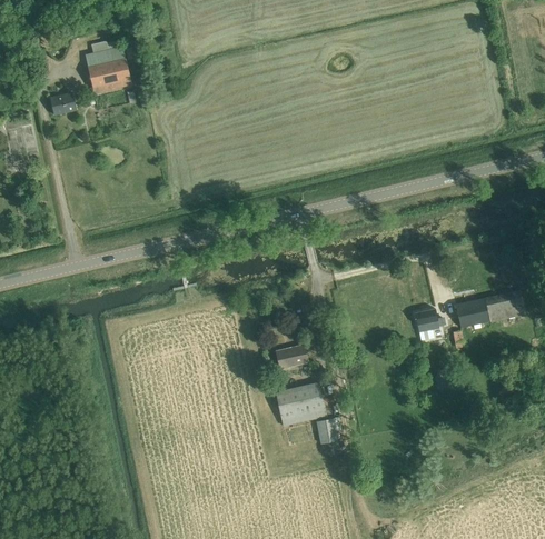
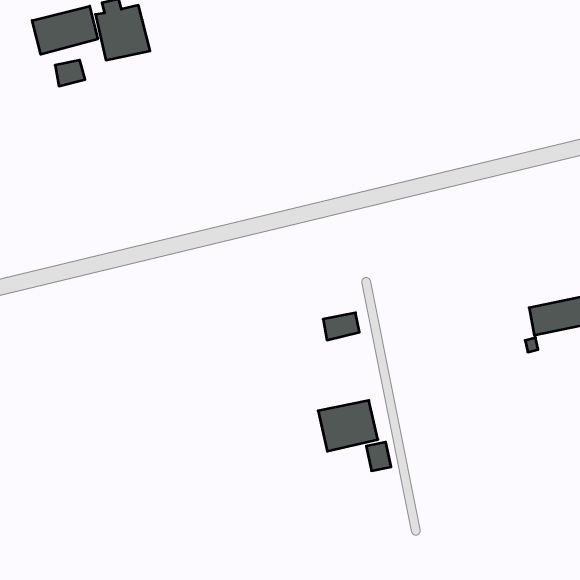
building: none -> [32,6,98,54]
building: [414,308,438,340] -> none
building: [276,345,307,368] -> [323,313,359,340]

